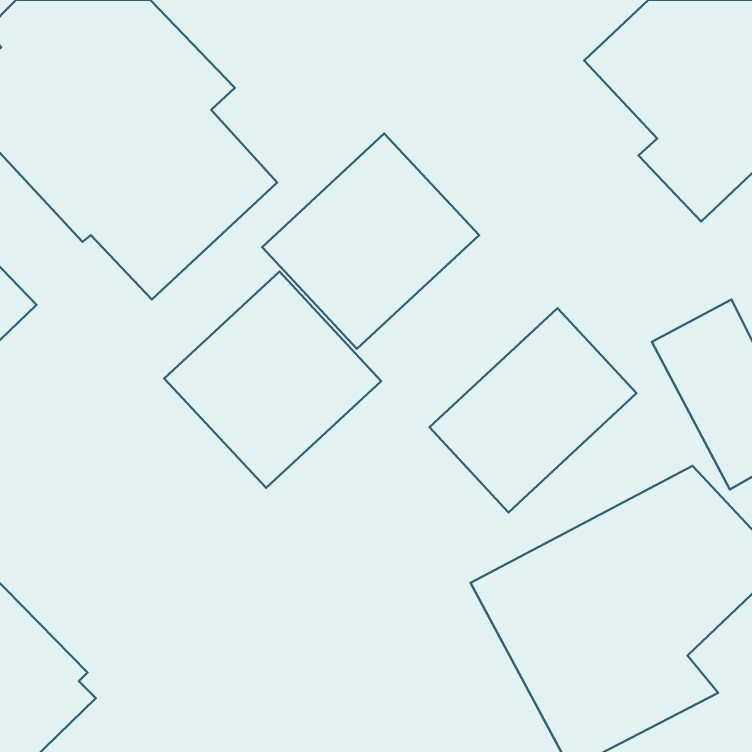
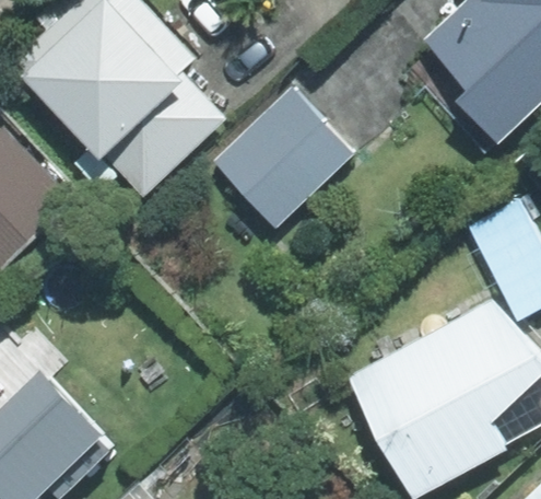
building: [164,272,381,488] -> none
building: [429,308,636,512] -> none

